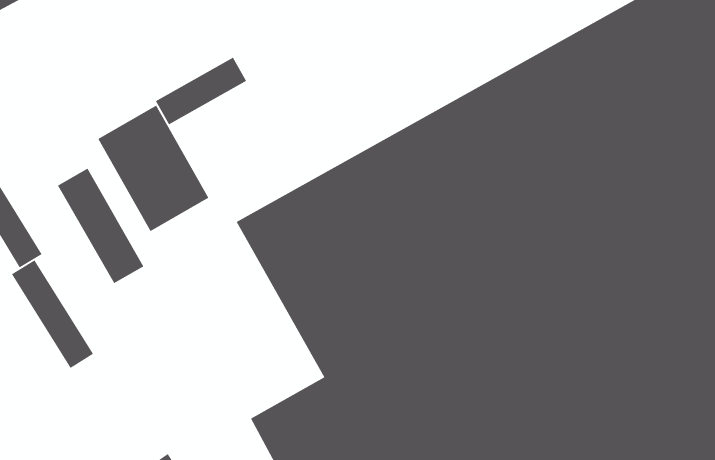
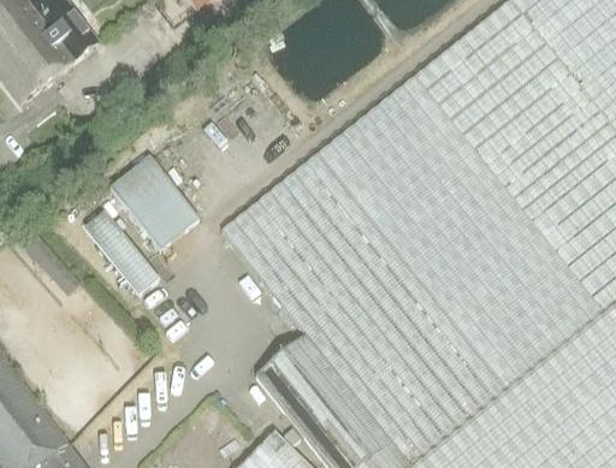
building: [155,57,247,125] -> none
building: [11,259,94,369] -> none

